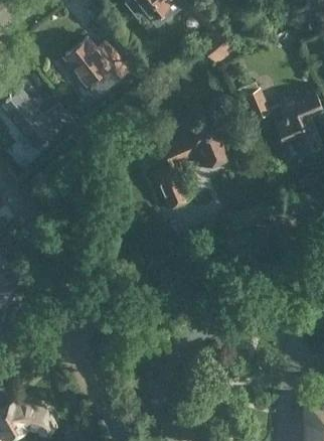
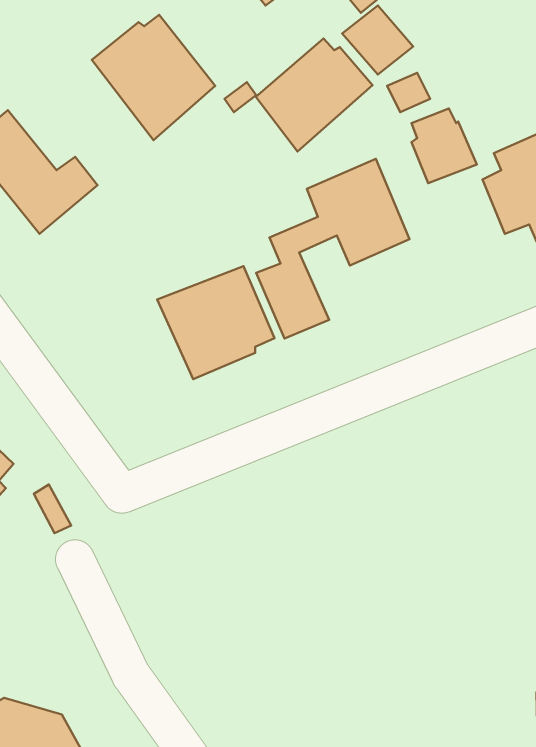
building: none -> [256,38,372,152]
building: none -> [157,266,274,379]

